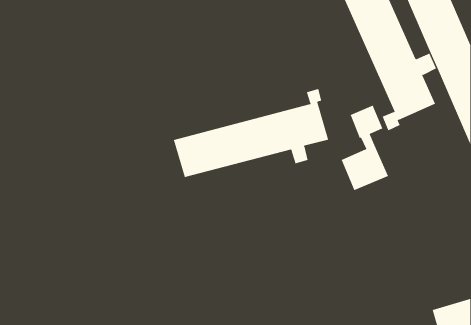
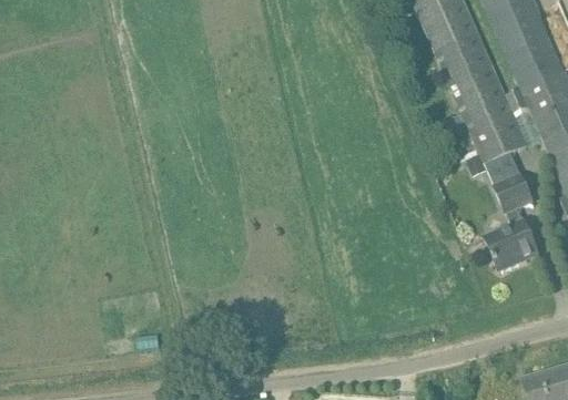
building: [173,88,329,178] -> none
building: [341,105,389,191] -> [484,173,538,270]

